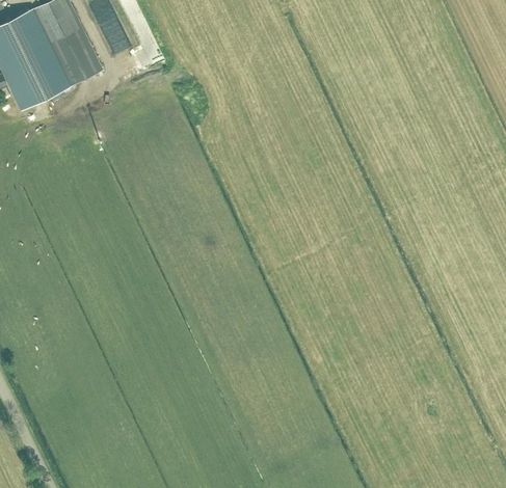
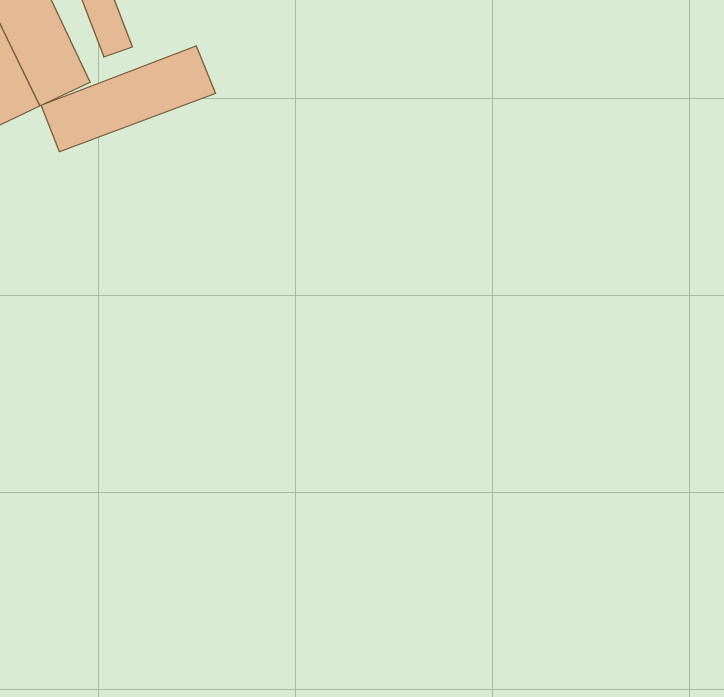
building: none -> [41,46,216,152]

